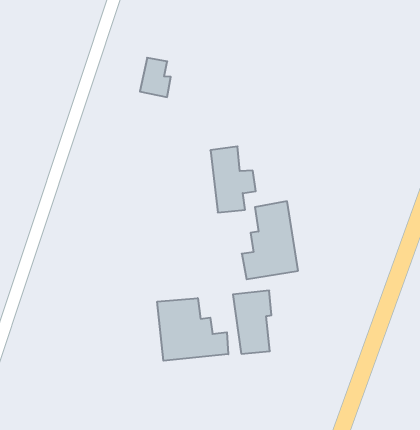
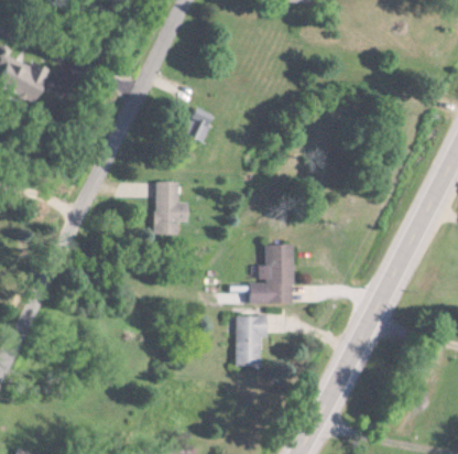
building: [210,146,256,212] -> [155,182,189,236]
building: [157,298,228,361] -> none

